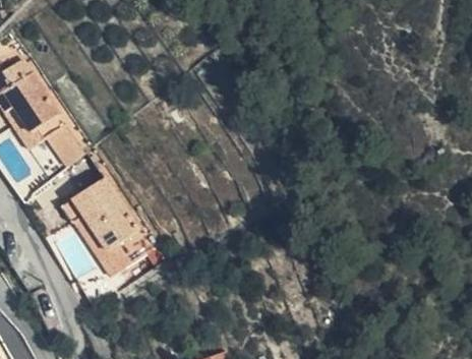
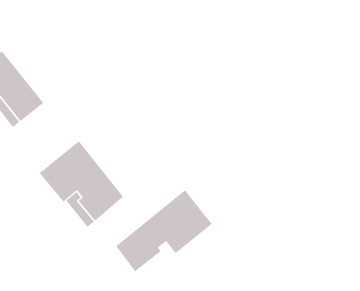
building: [48,125,90,169] -> none
building: none -> [116,190,213,272]

